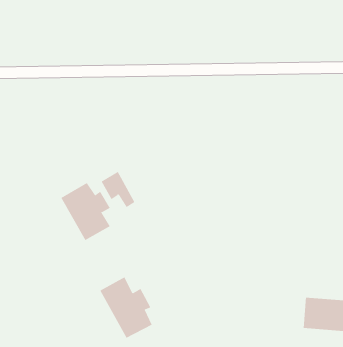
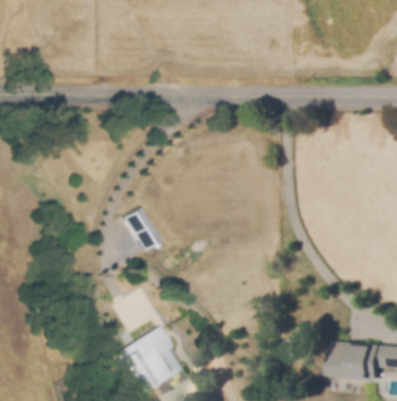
building: [61,182,111,241] -> none

